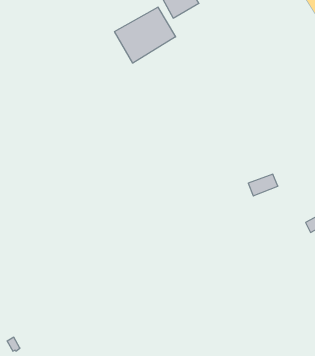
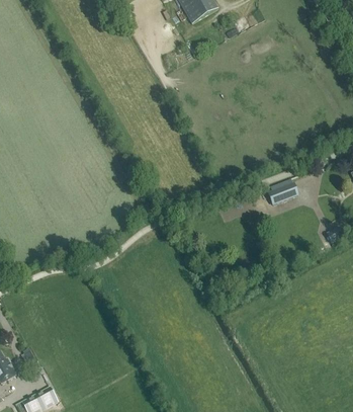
building: [115,7,176,63] -> none

